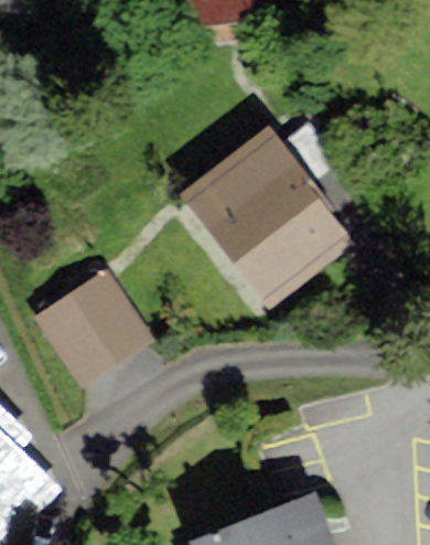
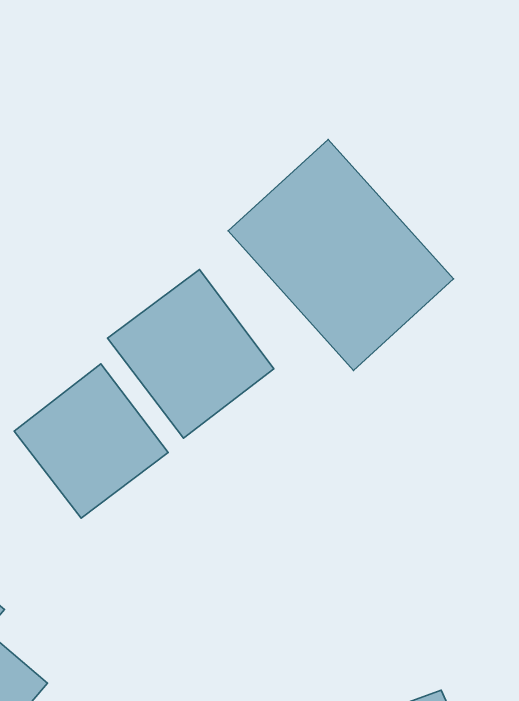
building: none -> [107,269,274,438]

